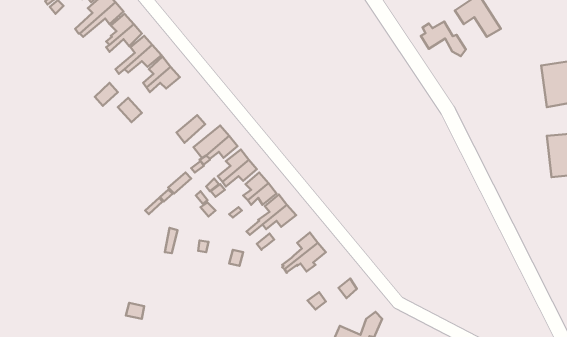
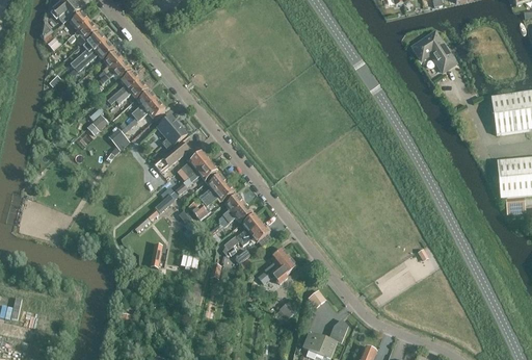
building: [421,21,466,56] -> none
building: none -> [157,113,187,148]

